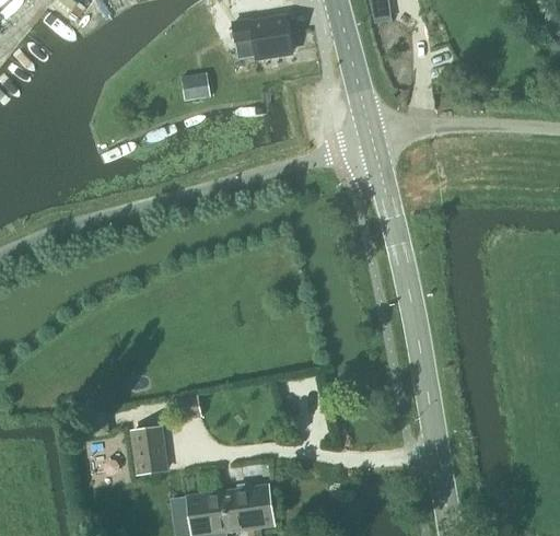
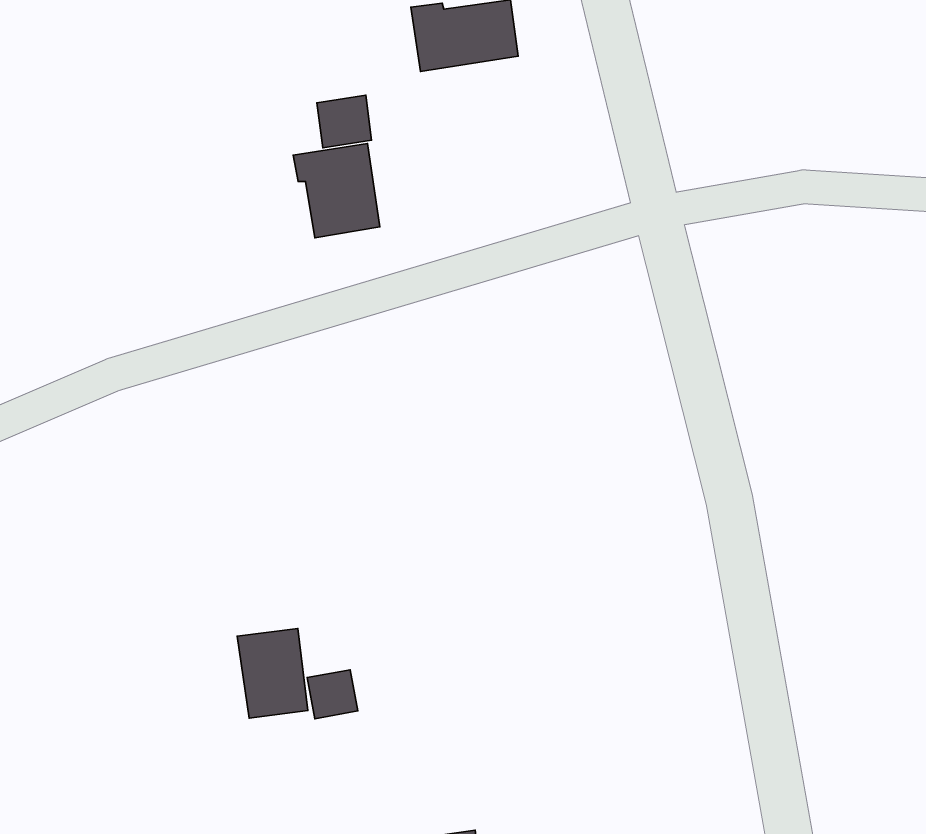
building: none -> [293,143,380,238]
building: [129,426,168,476] -> [237,628,308,718]

